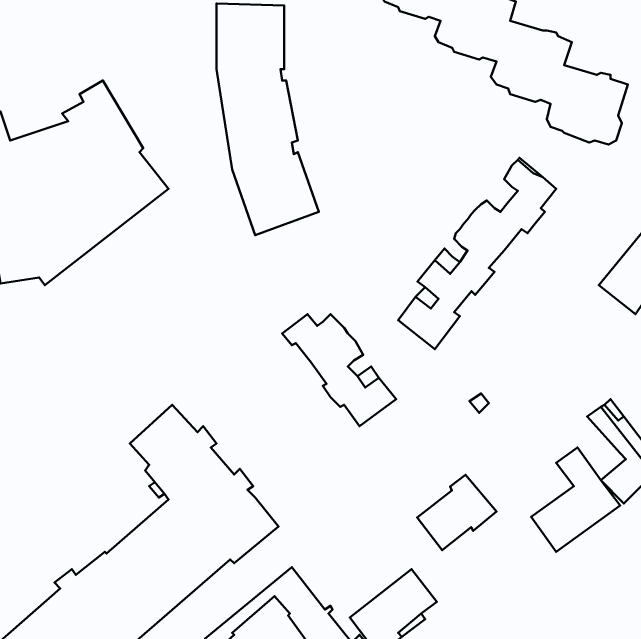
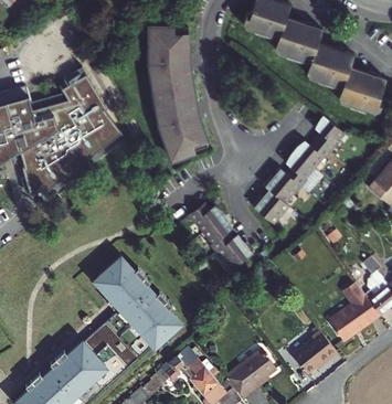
building: [417,475,496,550] -> [289,329,335,372]

